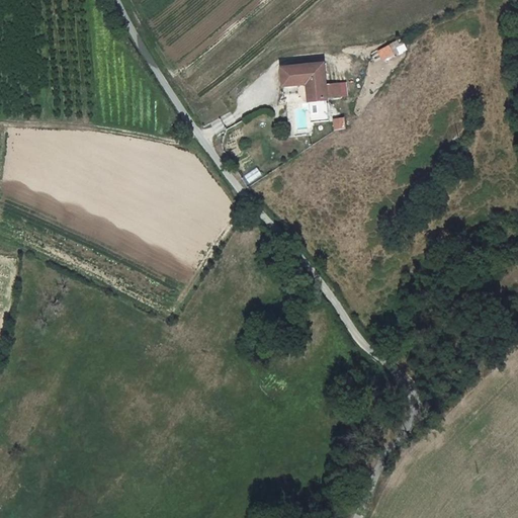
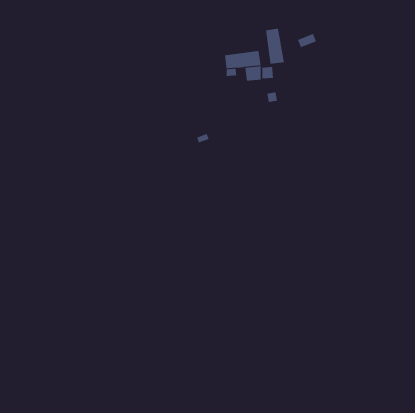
building: none -> [265,28,285,65]

